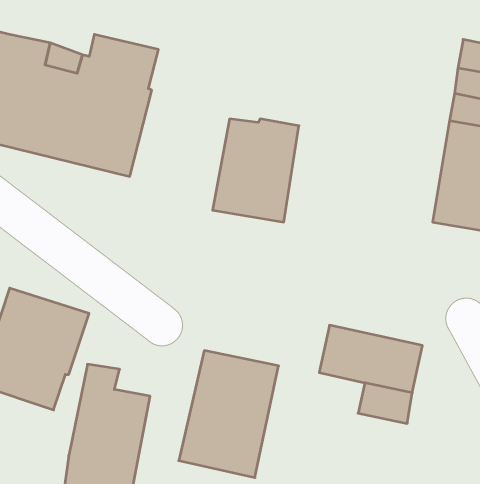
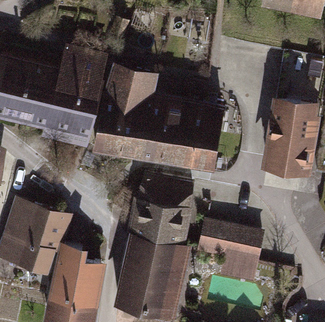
building: none -> [94,68,154,157]
building: none -> [179,107,221,169]
building: none -> [132,179,191,250]

